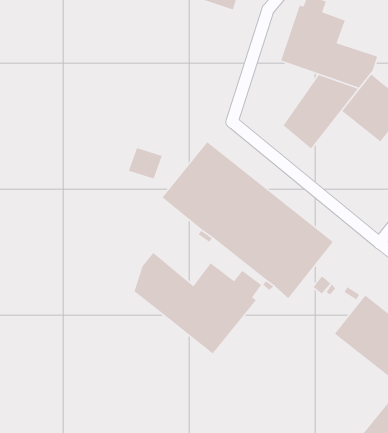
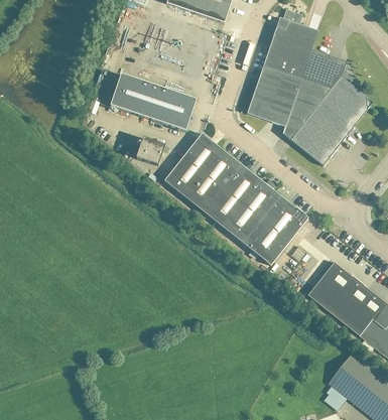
building: none -> [247,64,295,119]
building: none -> [110,74,196,130]
building: none -> [289,107,348,165]
building: [133,252,262,355] -> none

